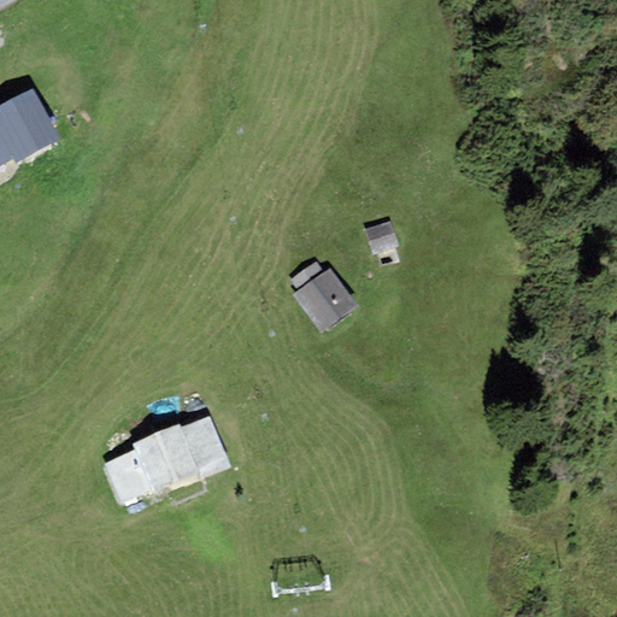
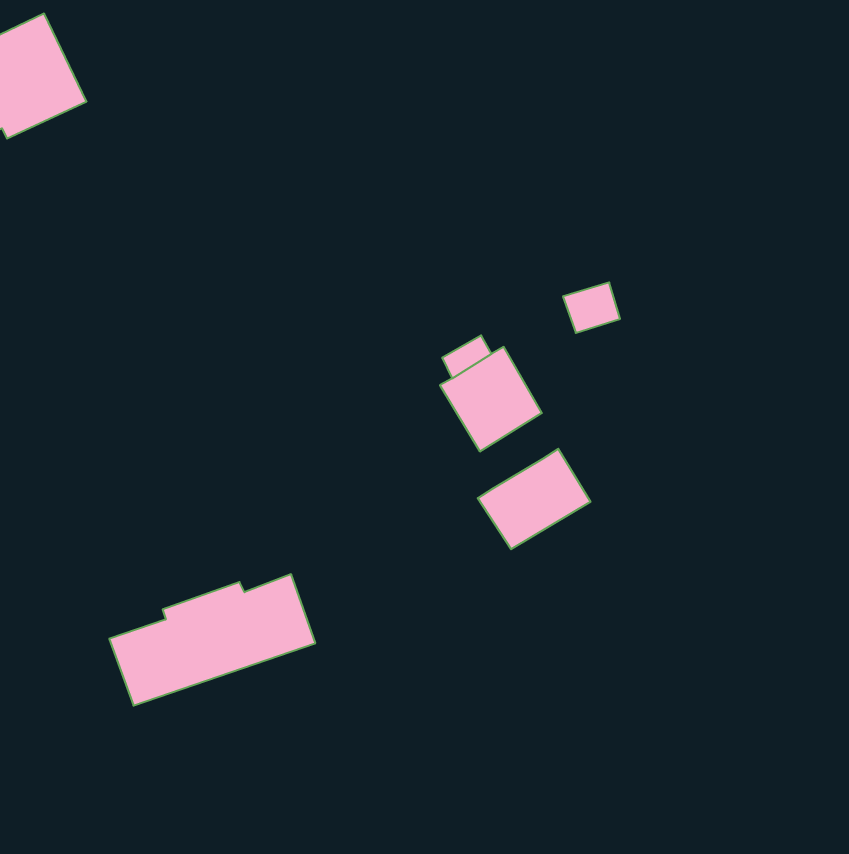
building: none -> [478,449,590,549]

